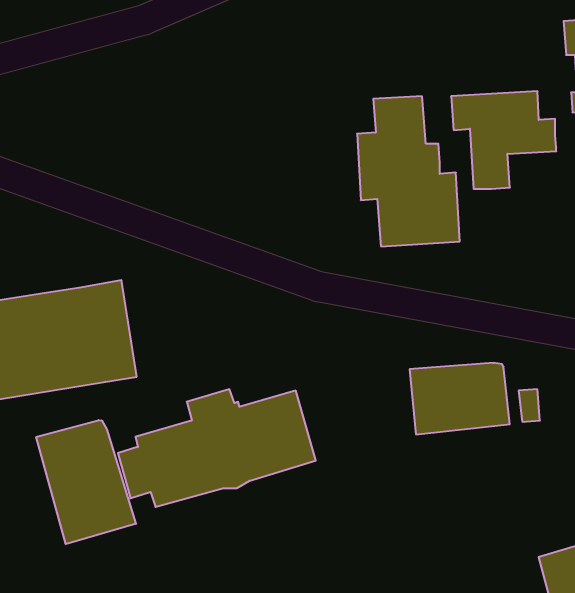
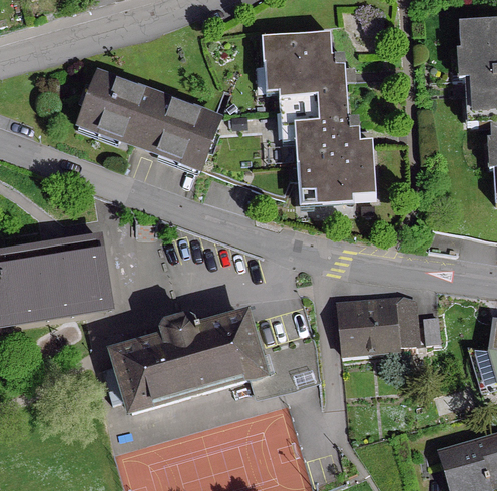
building: none -> [78,74,218,168]
building: [451,91,556,189] -> [261,34,345,112]
building: [36,420,136,544] -> none

